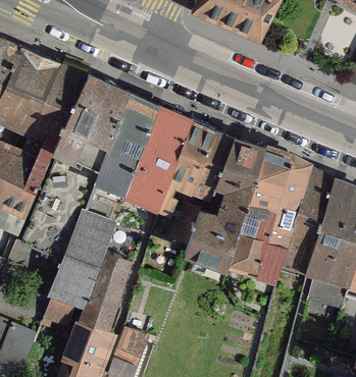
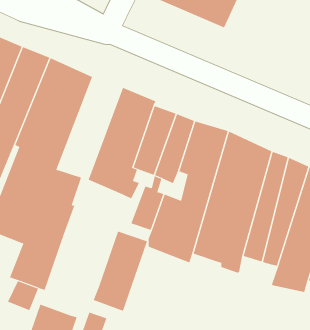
building: [94,92,159,195] -> none
building: [77,250,132,330] -> [93,231,148,311]

